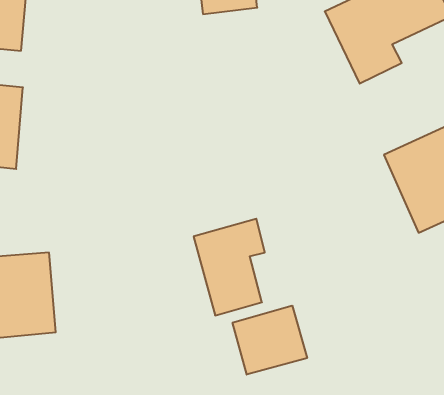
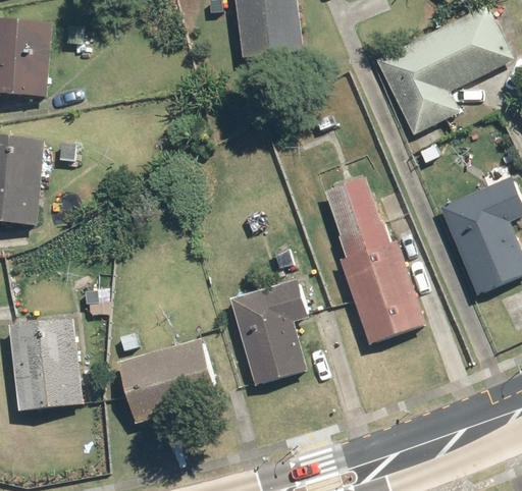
building: none -> [324,180,426,343]
building: none -> [115,336,219,421]
building: [233,306,307,375] -> none

